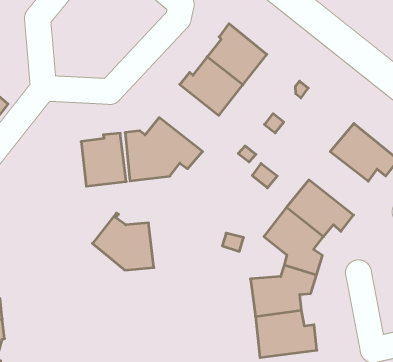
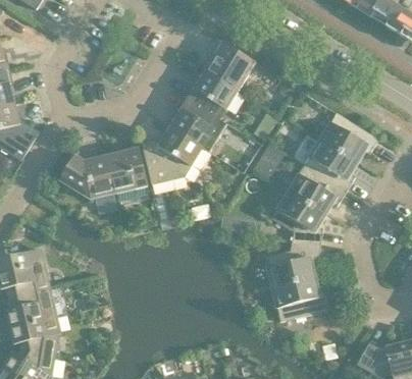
building: none -> [168,98,226,153]
building: none -> [303,140,354,192]
building: [92,213,154,270] -> [58,152,113,200]

